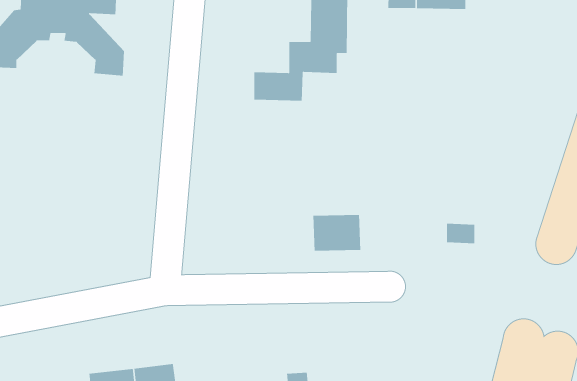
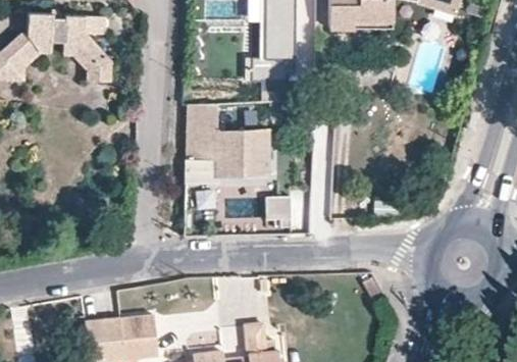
building: none -> [187,103,269,180]

